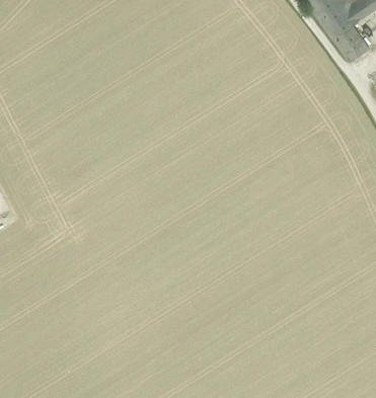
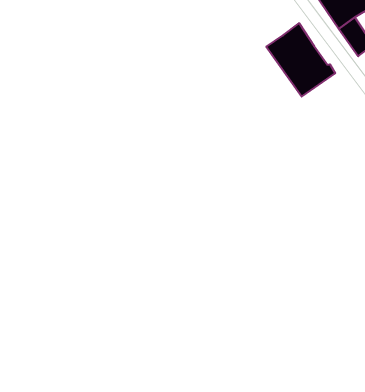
building: none -> [266,23,335,97]

